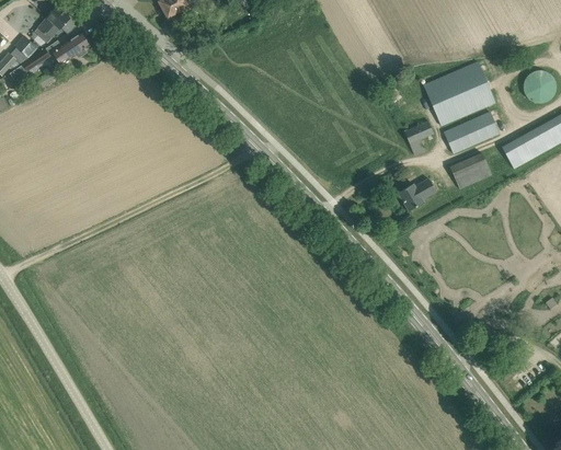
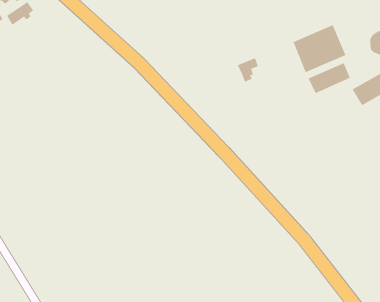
building: [404,122,433,154] -> [237,57,259,83]
building: [451,151,494,187] -> none
building: [398,175,443,211] -> none

